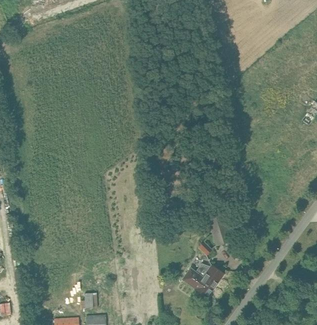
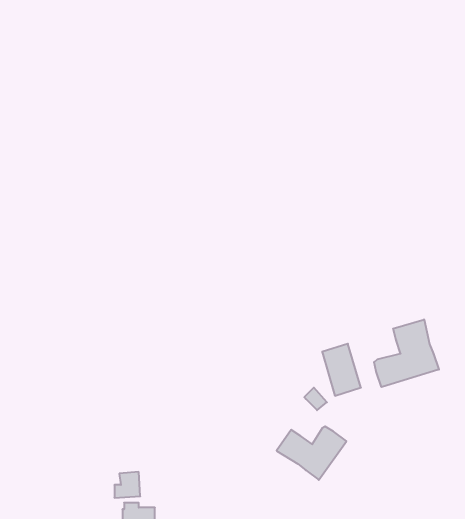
building: none -> [374,319,439,387]

